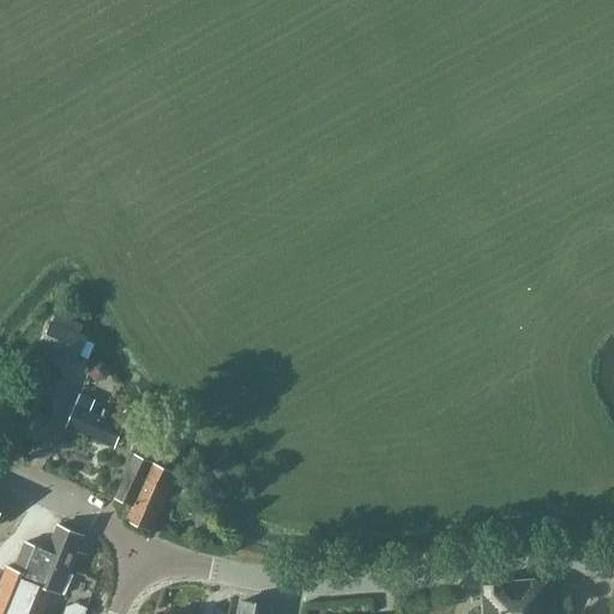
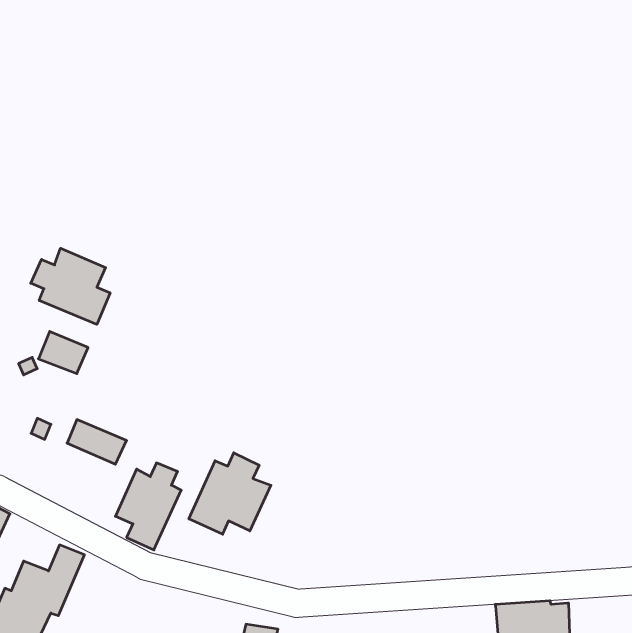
building: none -> [31,248,110,324]
building: none -> [189,453,271,534]

